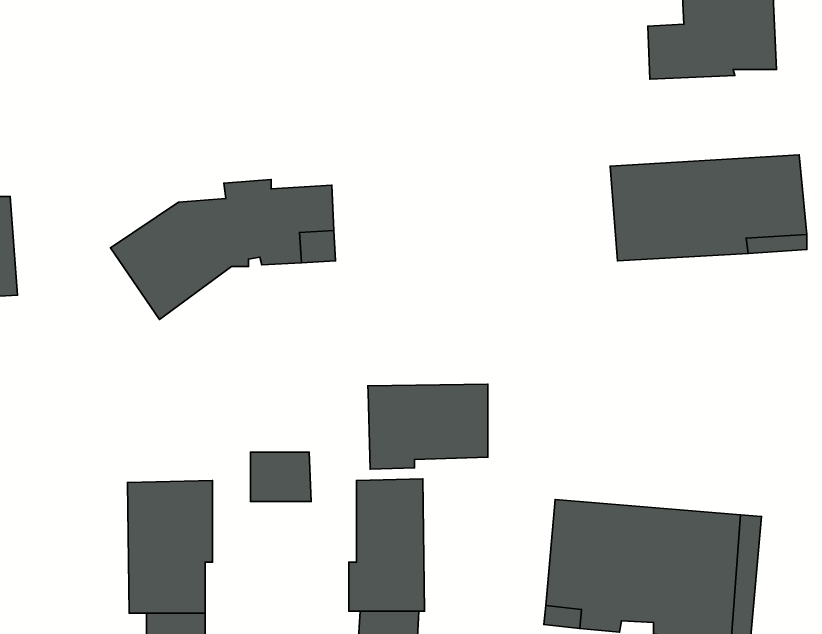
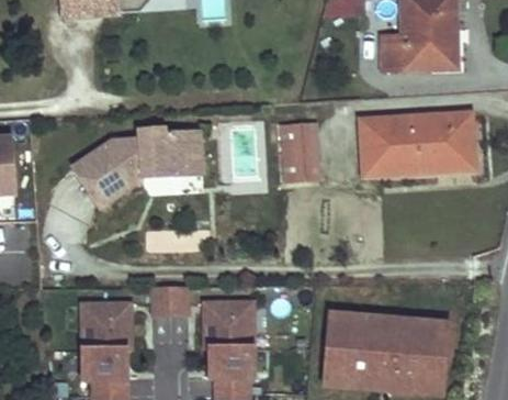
building: none -> [282,122,319,179]
building: [368,384,488,469] -> none

